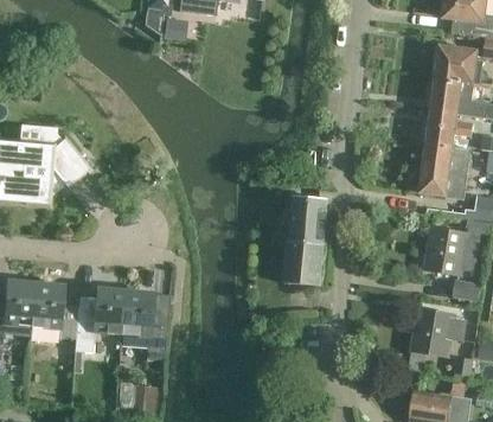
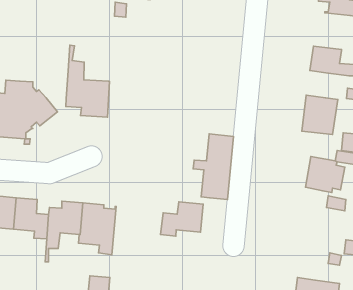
building: [435,44,482,84] -> none
building: none -> [66,45,110,117]
building: [425,110,472,147] -> none
building: none -> [161,202,203,236]
building: [411,307,466,356] -> none

